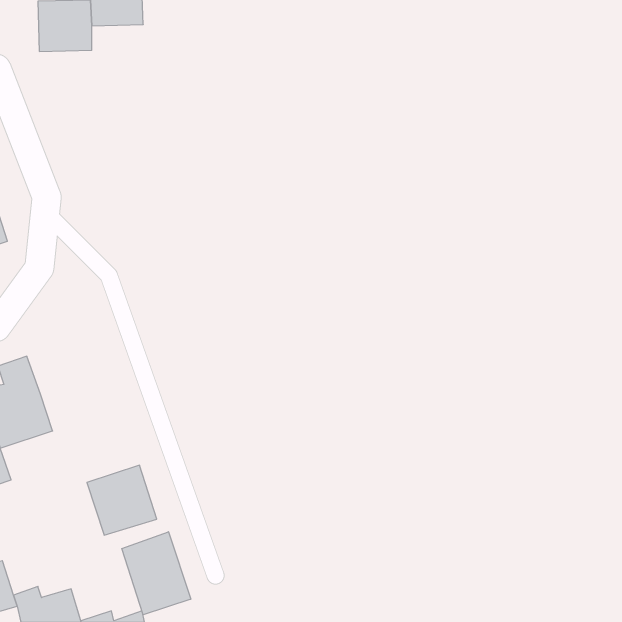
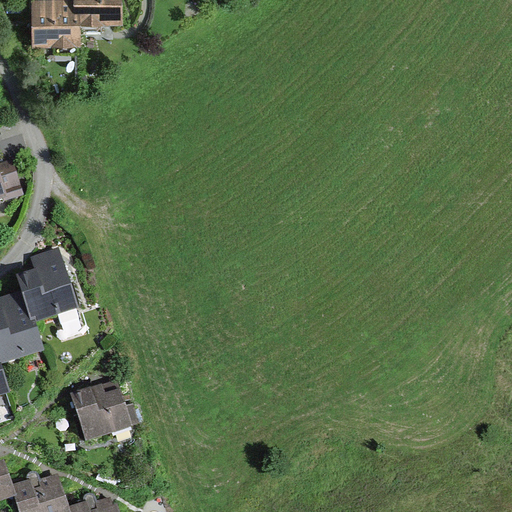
building: none -> [18,248,78,322]
building: [122,532,191,615] -> none

